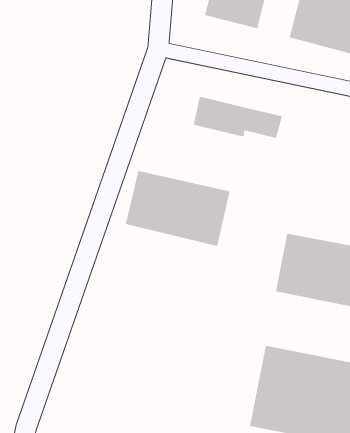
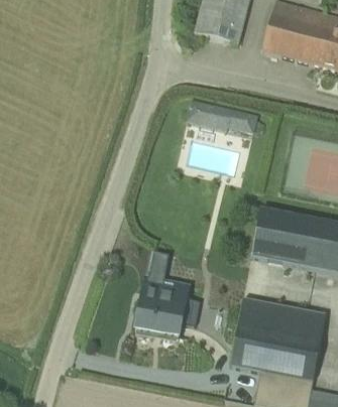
building: [125,170,230,247] -> none
building: none -> [136,273,201,335]

